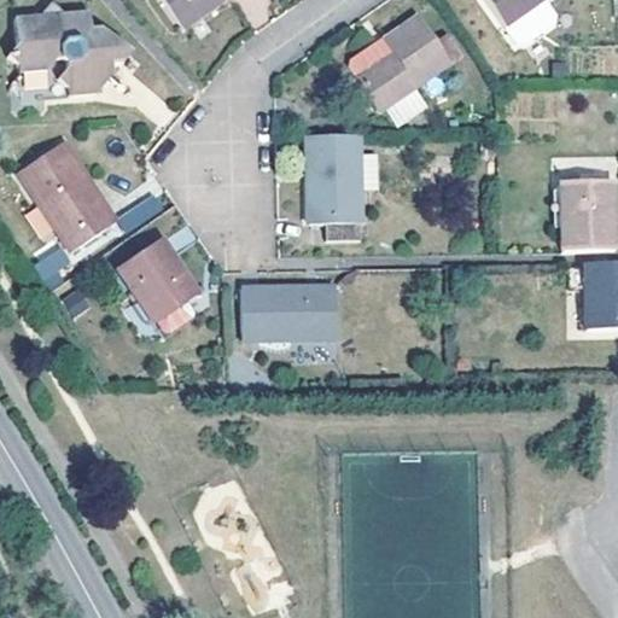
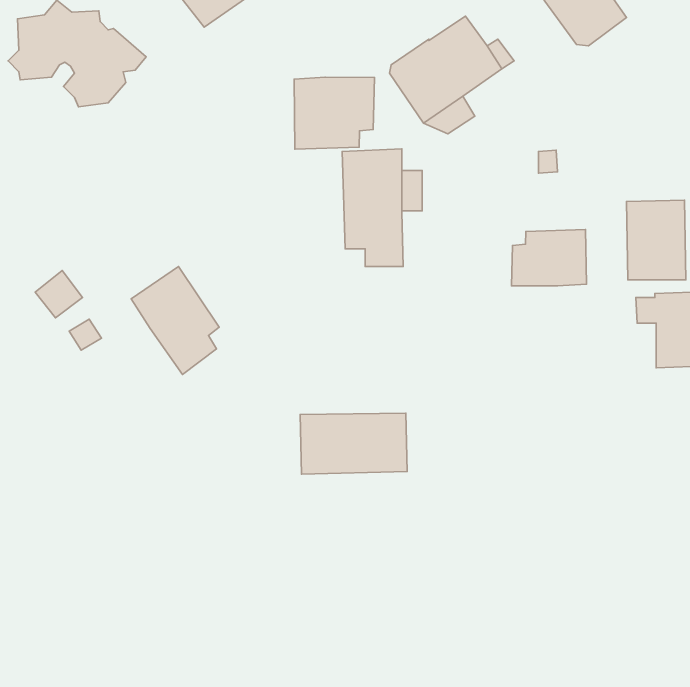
building: none -> [294,77,374,149]
building: [19,141,117,251] -> none
building: none -> [512,229,586,286]
building: [241,285,337,339] -> [300,413,407,474]

